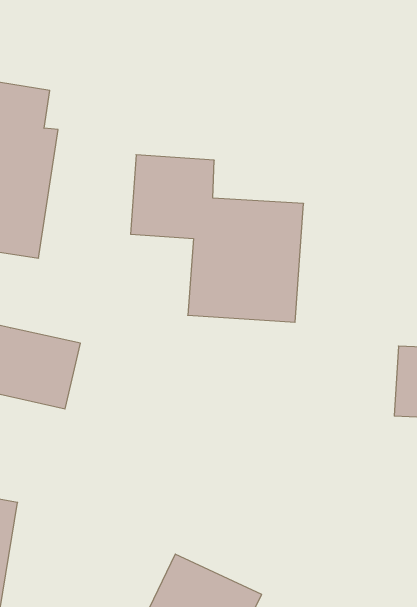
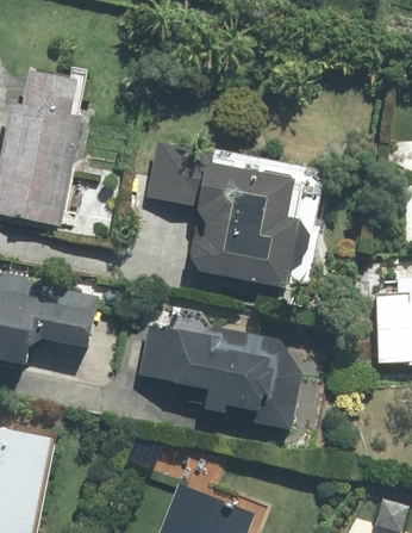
building: none -> [139,323,304,432]

